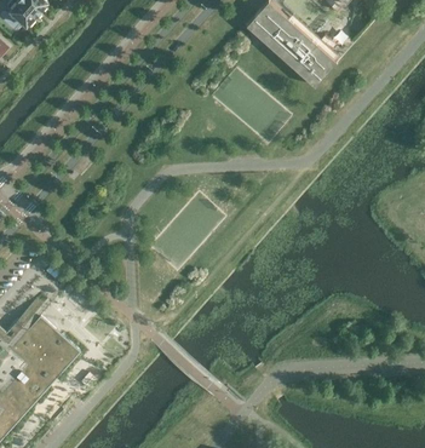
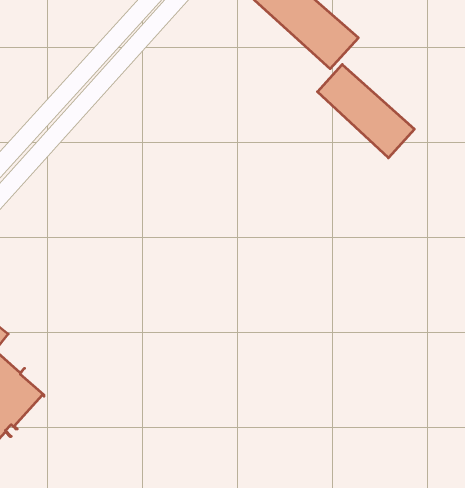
building: none -> [317,64,414,158]

